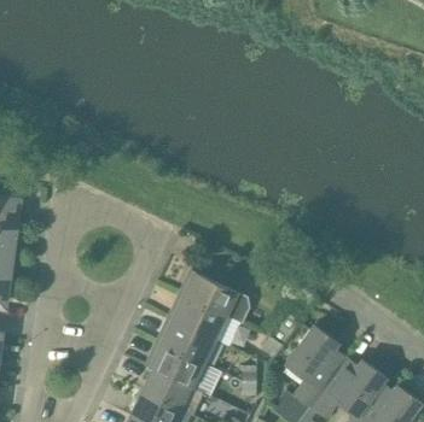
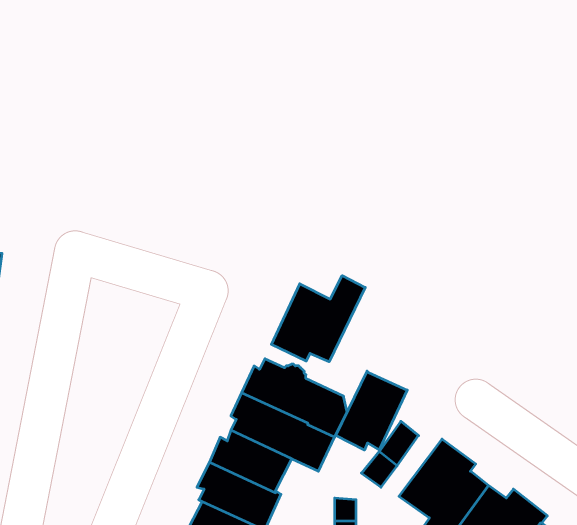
building: none -> [271,276,365,362]
building: none -> [336,371,407,450]

